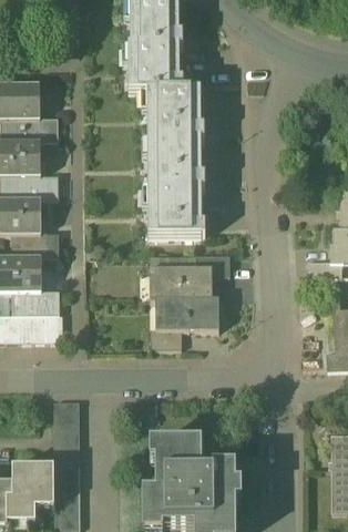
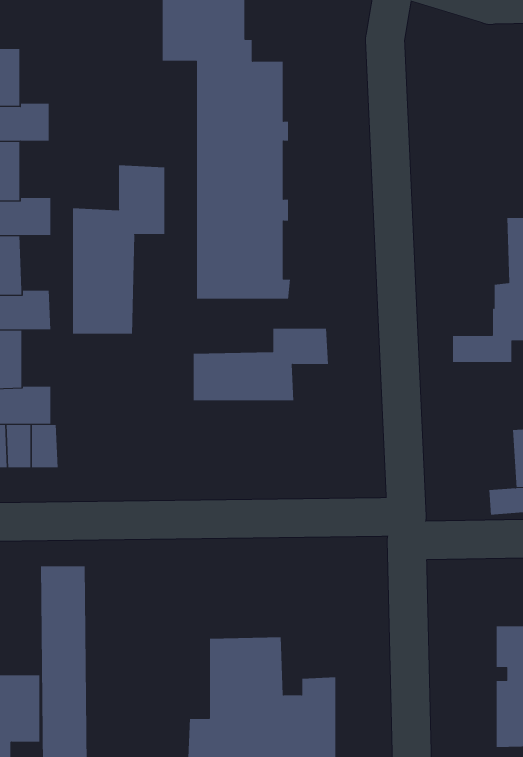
building: none -> [72,164,165,334]
building: [145,299,215,350] -> none

